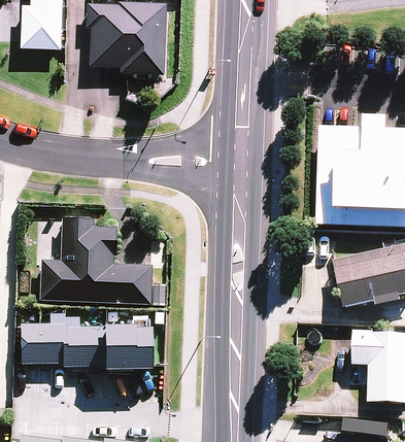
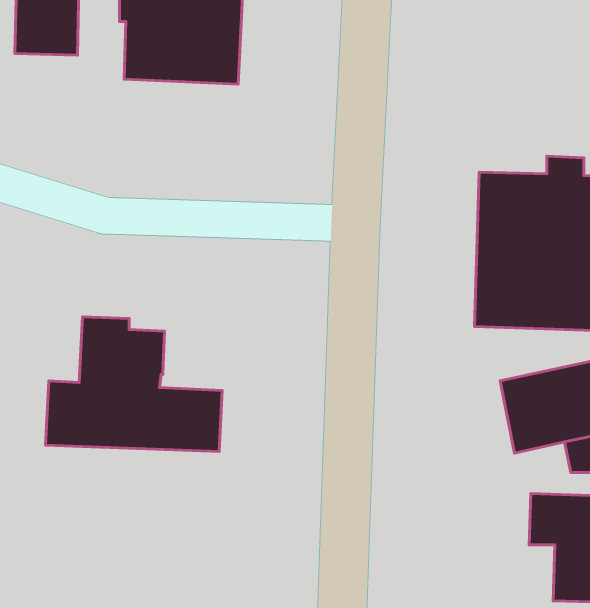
building: [22,312,153,371] -> none

